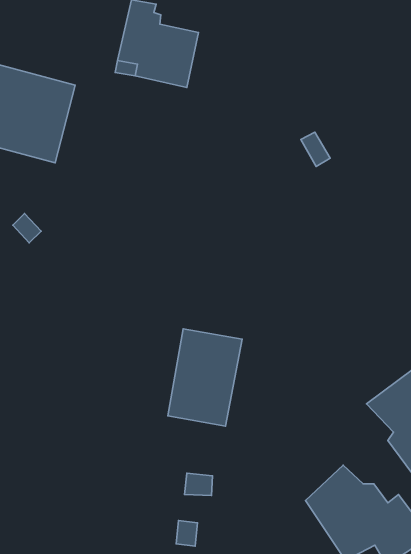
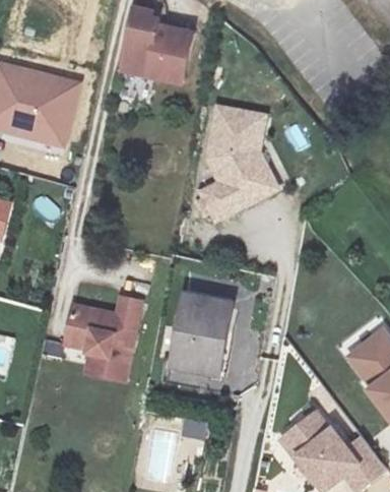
building: none -> [199,104,285,223]
building: none -> [57,297,136,382]

